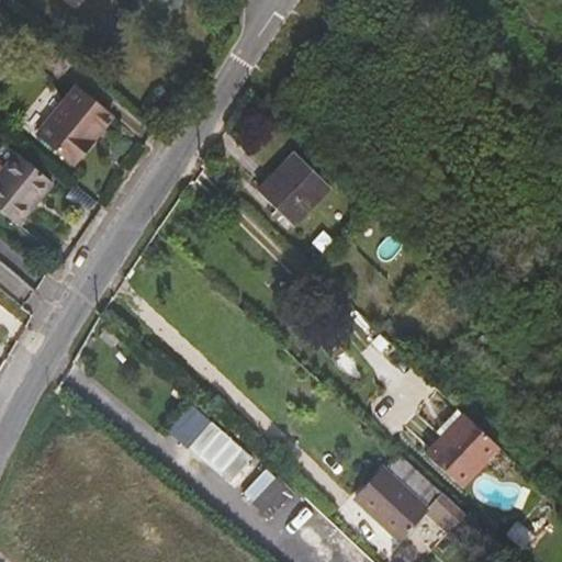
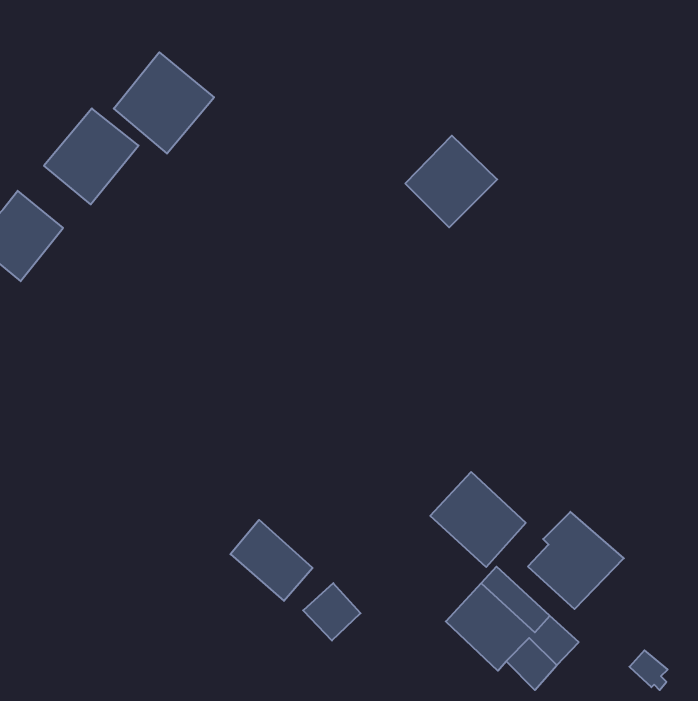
building: none -> [114,52,214,154]
building: [256,151,329,225] -> [405,136,497,227]
building: none -> [430,472,526,567]

